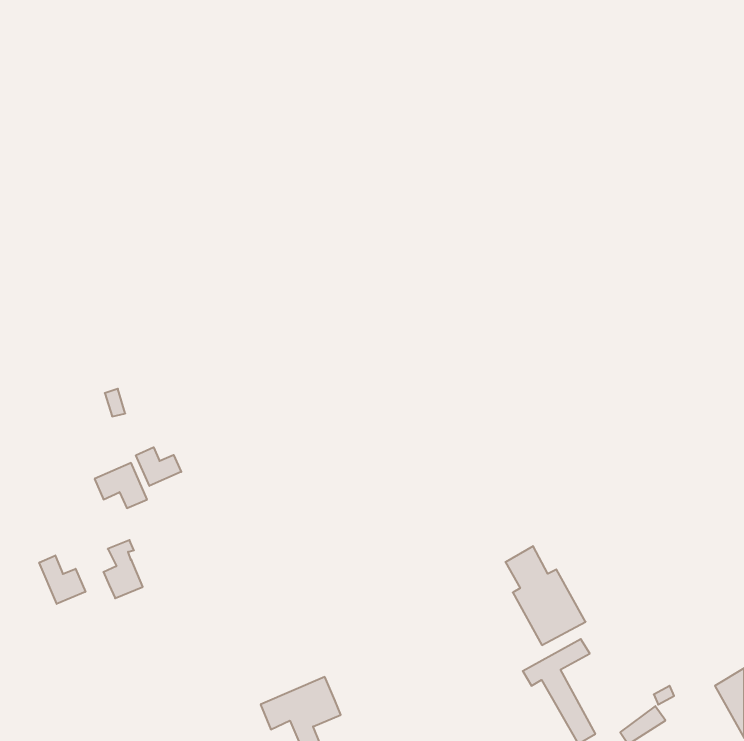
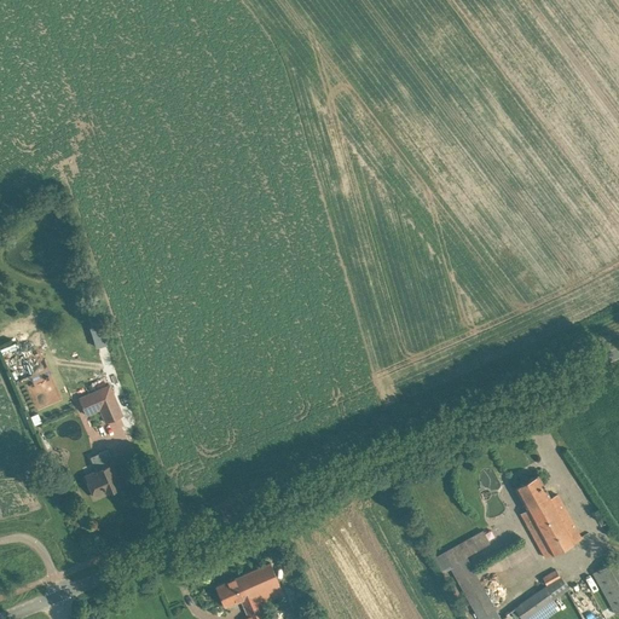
building: [136,447,181,486] -> none
building: [505,546,586,645] -> [515,476,582,559]
building: [39,555,85,604] -> none

